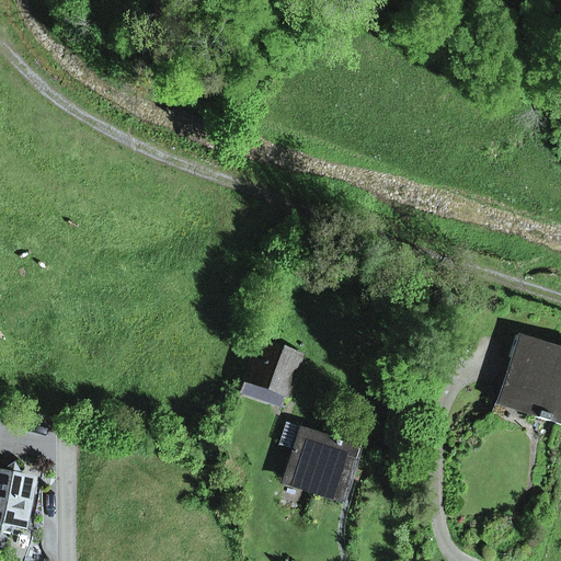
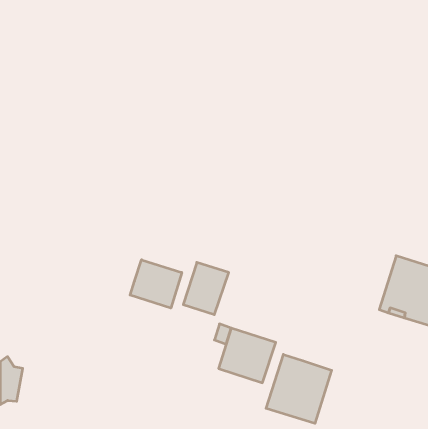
building: none -> [130,260,182,308]
building: none -> [266,354,332,423]

